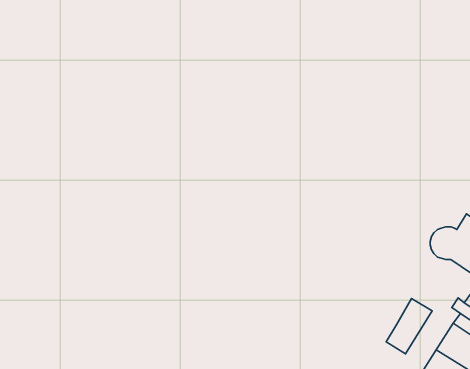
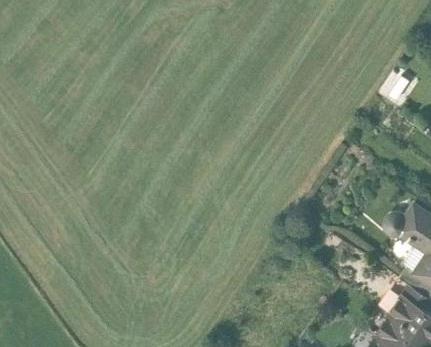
building: [386,298,432,354] -> none

